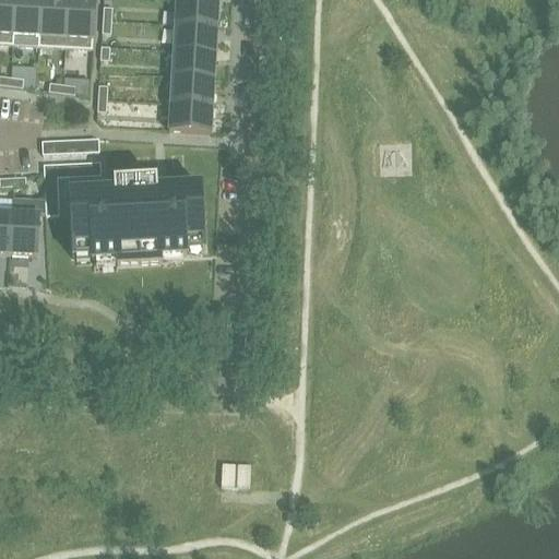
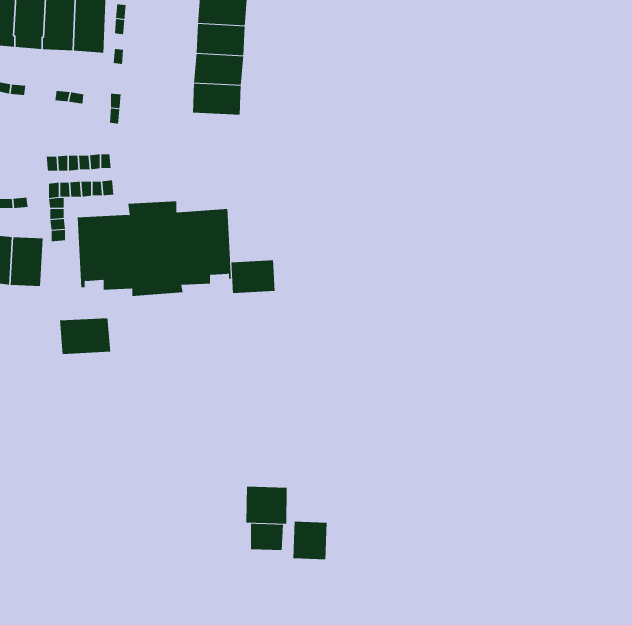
building: [168,99,212,129] -> none
building: none -> [231,259,275,294]
building: none -> [60,317,111,355]
building: none -> [246,486,287,525]
building: none -> [293,521,327,560]

